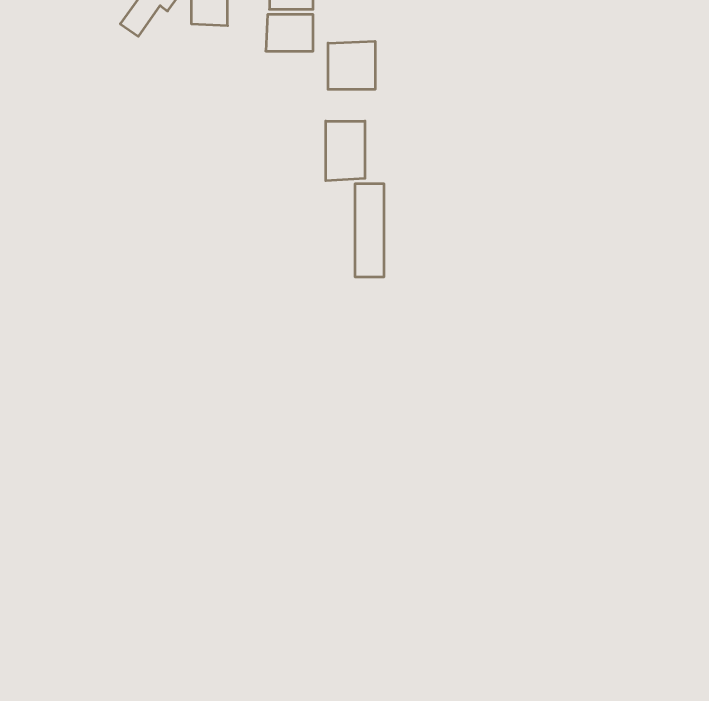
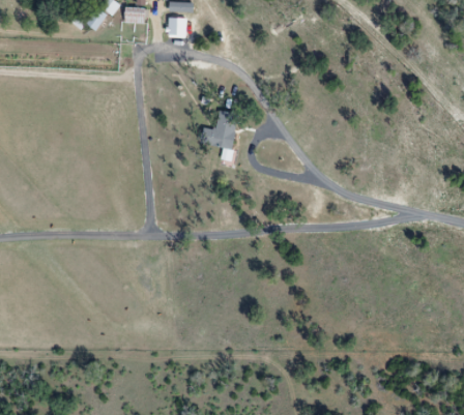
building: [328,41,375,89] -> none
building: [326,121,365,181] -> none

